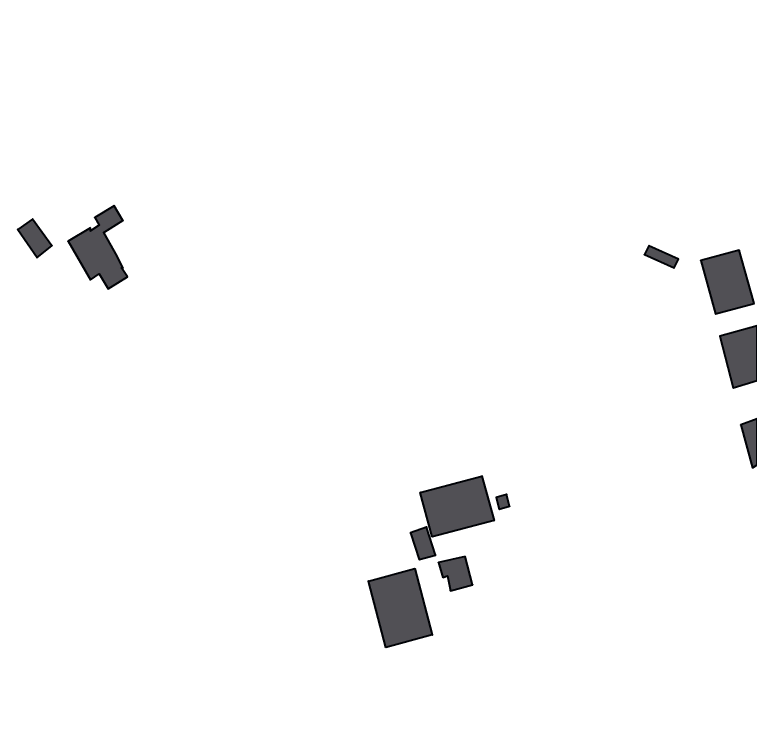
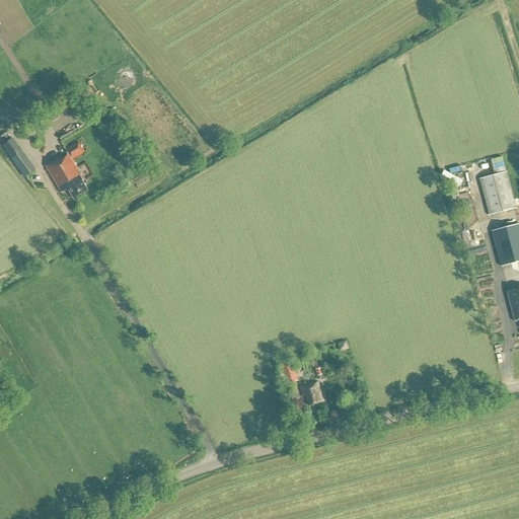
building: [420,476,494,537] -> none
building: [368,569,432,647] -> none

